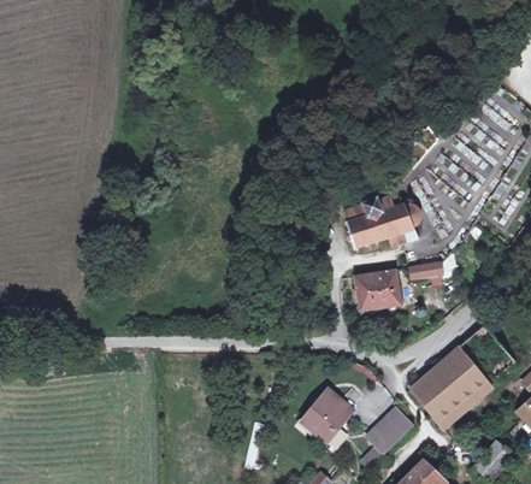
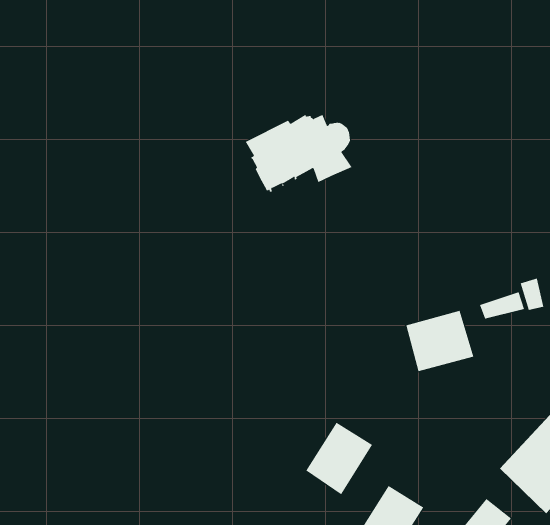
building: [342,196,419,249] -> [245,114,352,192]
building: none -> [305,422,373,495]

